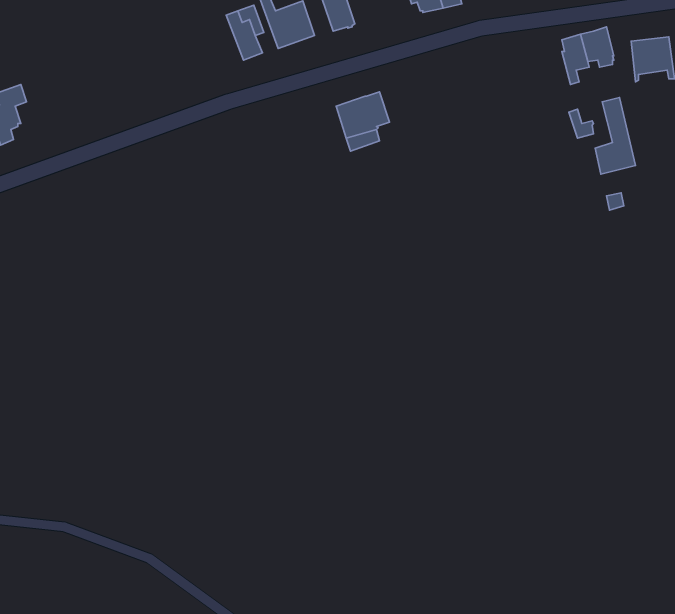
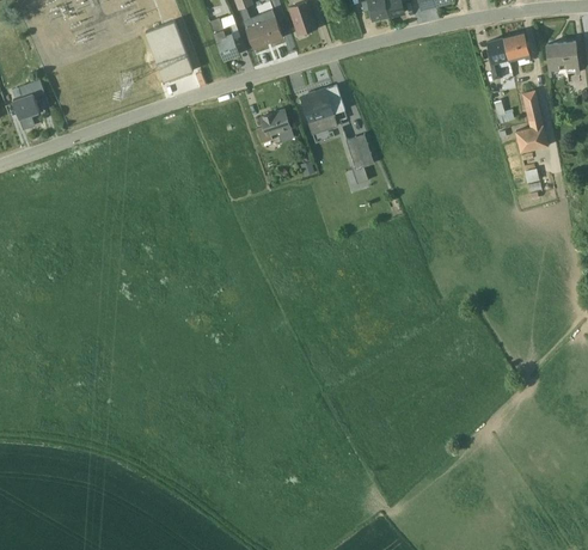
building: none -> [146,22,194,81]
building: none -> [257,109,295,143]
building: none -> [347,134,374,170]

